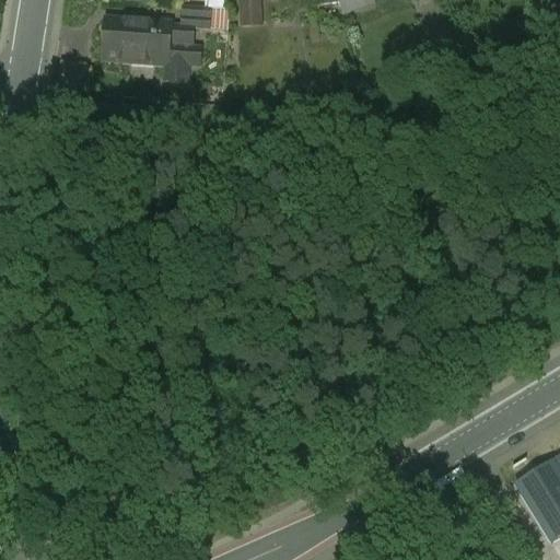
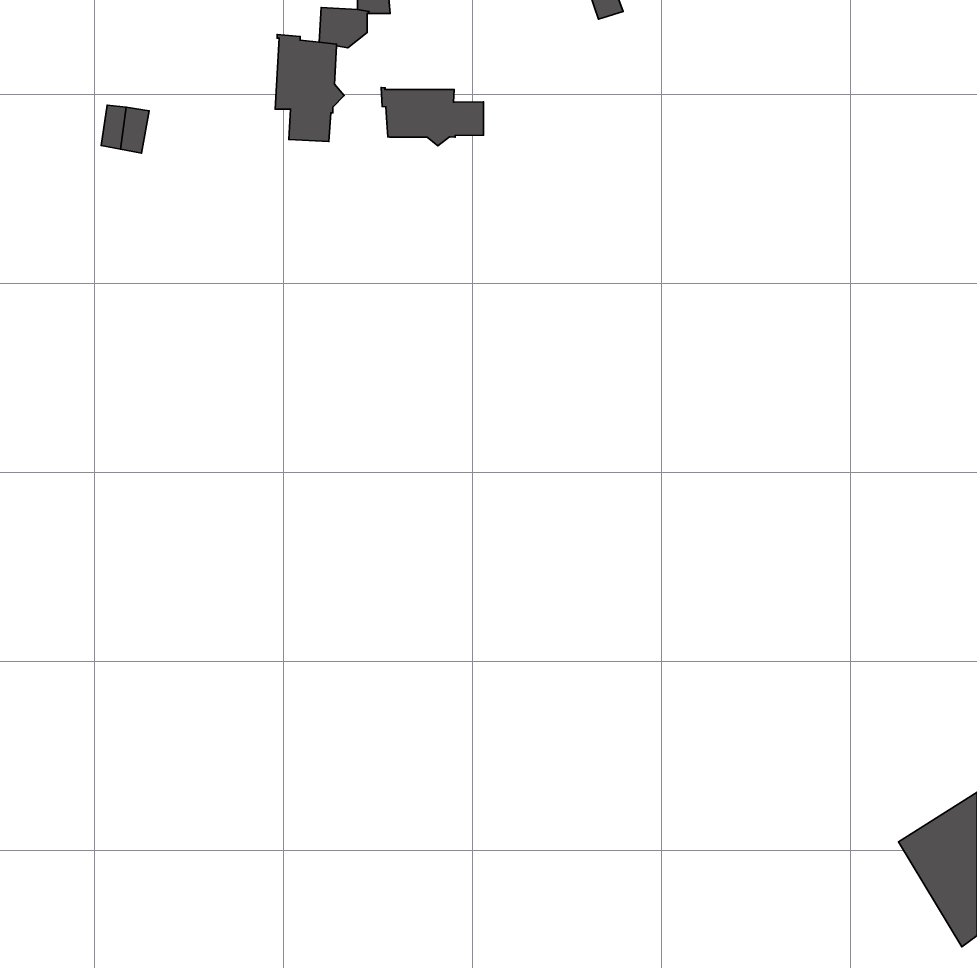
building: [103,19,160,62] -> none
building: none -> [381,88,483,146]

